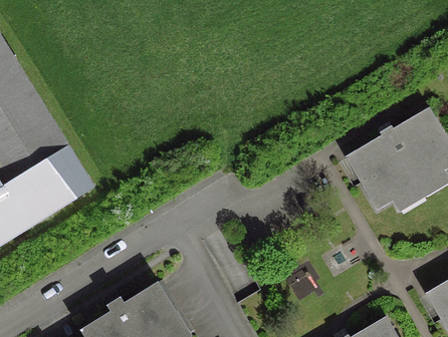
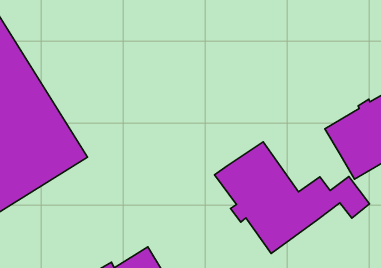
building: none -> [215,142,370,254]

